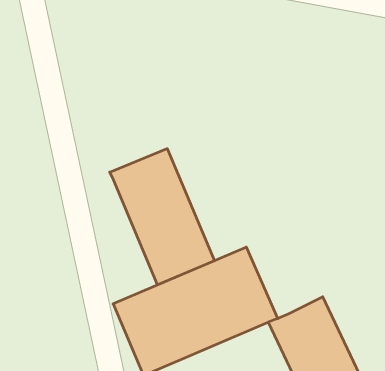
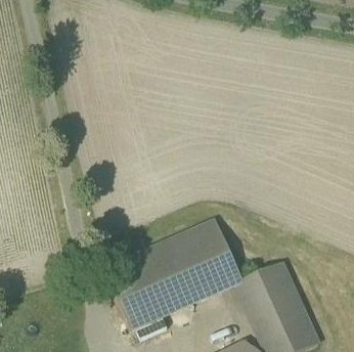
building: [110,149,214,285] -> none

